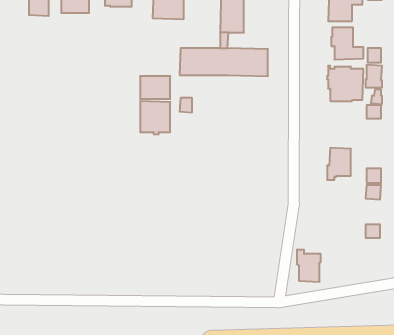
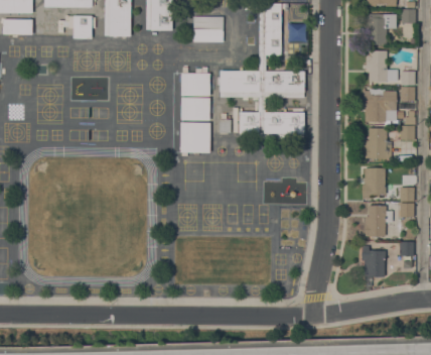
building: none -> [181,73,209,96]
building: none -> [239,112,304,139]
building: none -> [362,128,392,159]
building: none -> [361,206,392,237]
building: [297,250,321,282] -> [362,246,385,277]

